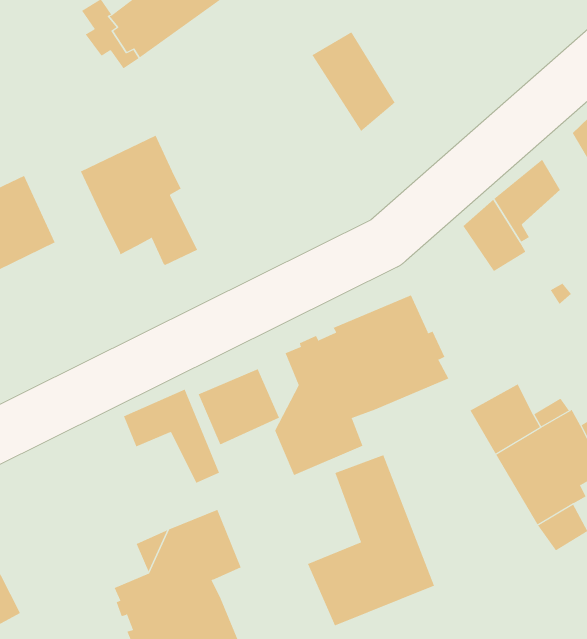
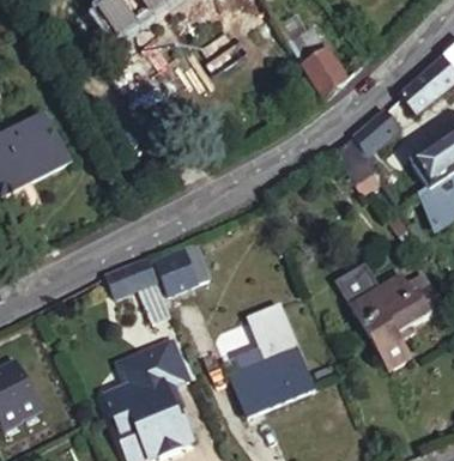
building: [312,31,396,132] -> [291,30,346,96]
building: [80,135,198,266] -> none
building: [275,294,449,476] -> none

